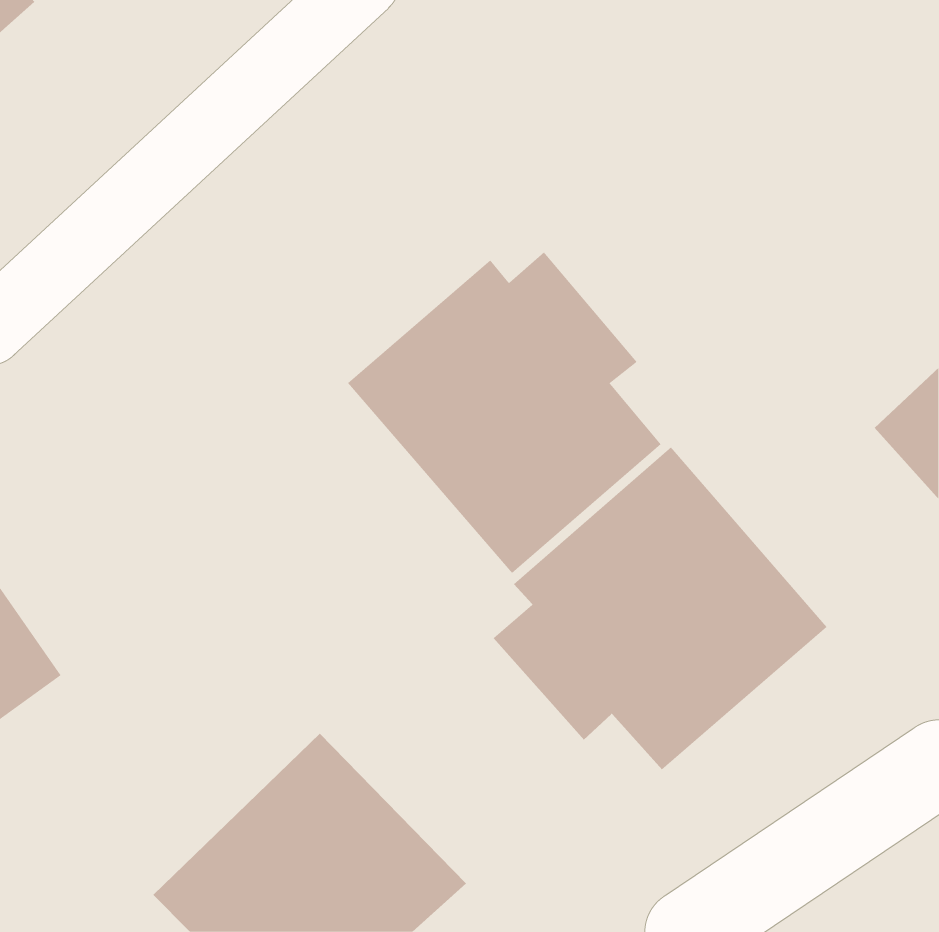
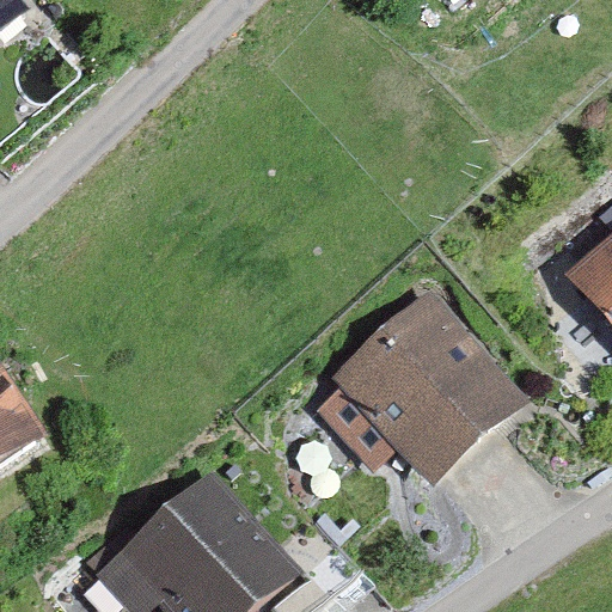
building: [347,251,661,574] -> none

